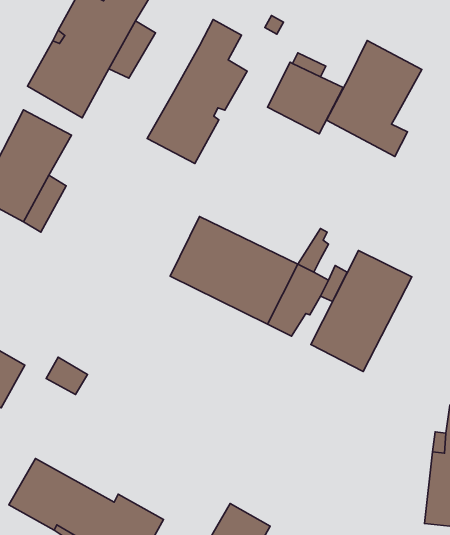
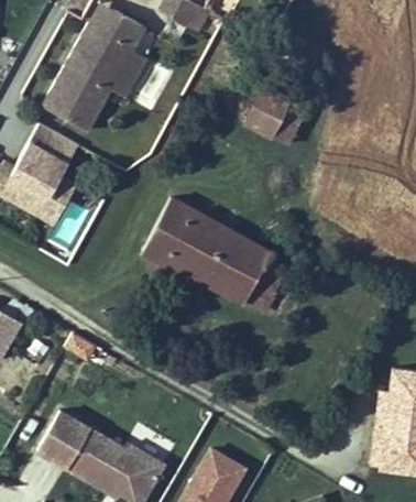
building: [147,20,247,163] -> none
building: [326,40,422,156] -> none
building: none -> [142,200,187,261]
building: [311,251,412,371] -> none

